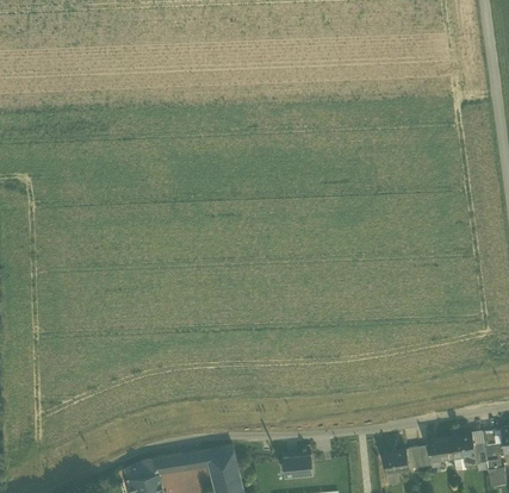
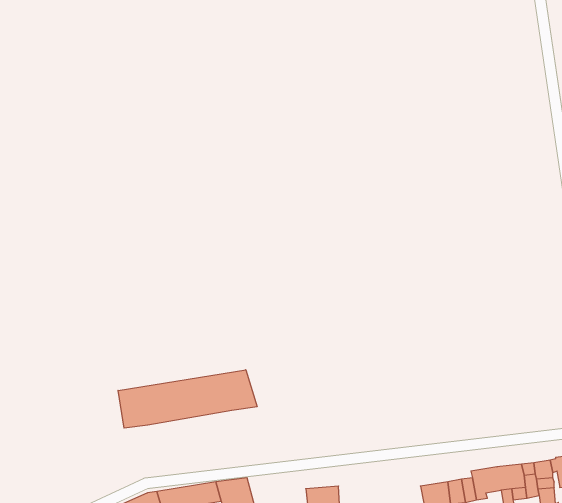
building: none -> [118,370,257,428]

